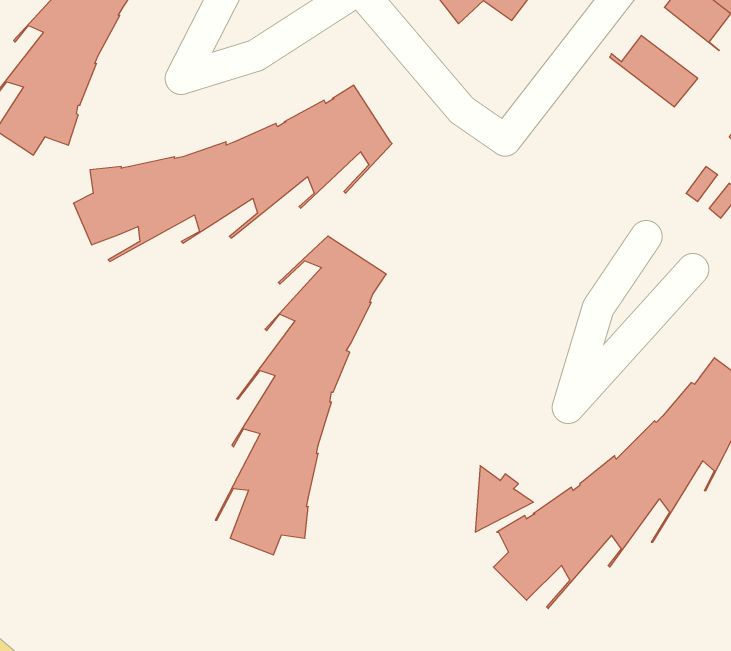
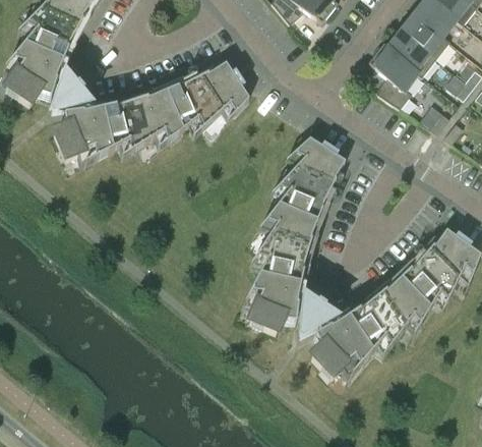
building: none -> [402,12,449,56]
building: none -> [368,43,422,106]
building: none -> [51,72,91,110]
building: [215,236,386,555] -> [240,135,345,331]

